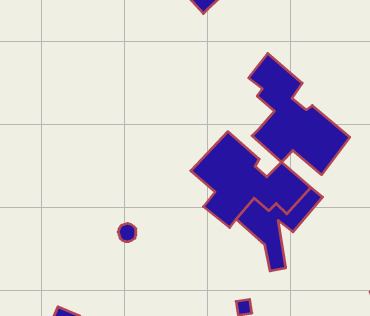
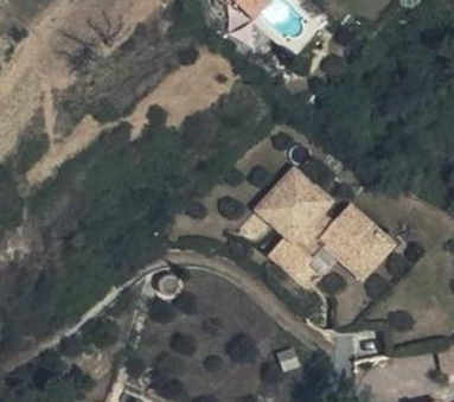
building: [249,53,350,175] -> none

